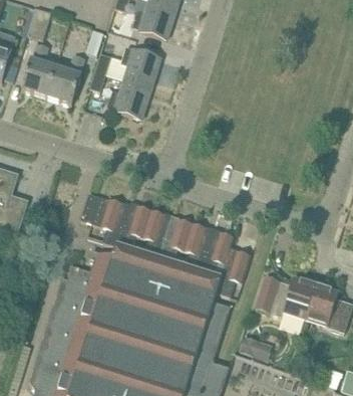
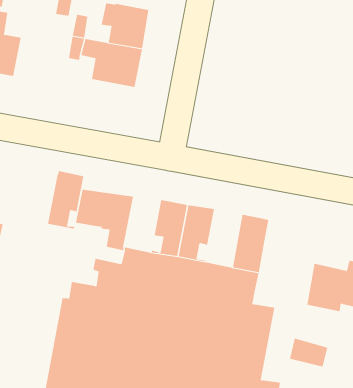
building: [46,54,85,106] -> none
building: [116,203,150,251] -> [47,171,84,229]
building: [180,223,214,271] -> none
building: [217,249,251,298] -> none

